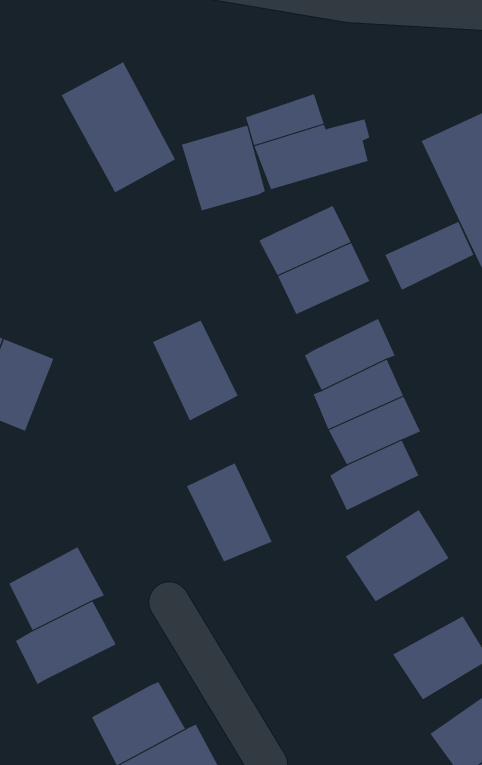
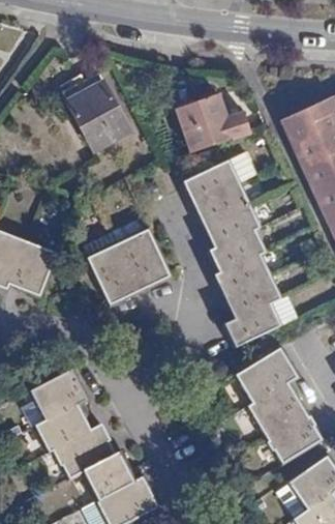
building: [181,125,266,211] -> none
building: [385,221,474,290] -> [206,206,261,249]
building: [186,462,272,562] -> [88,243,141,304]
building: none -> [248,382,308,435]
building: none -> [53,426,117,479]

